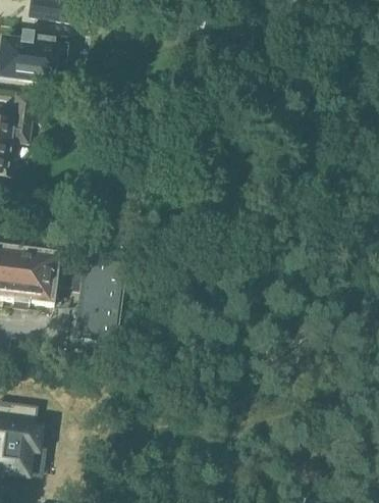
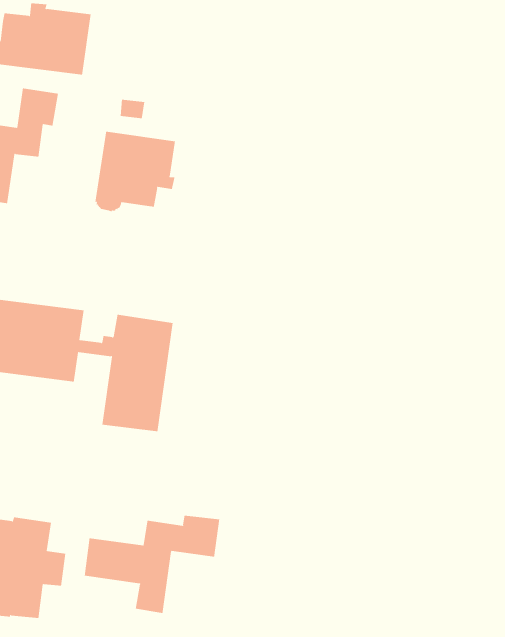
building: none -> [95,131,175,212]
building: none -> [84,515,220,614]

